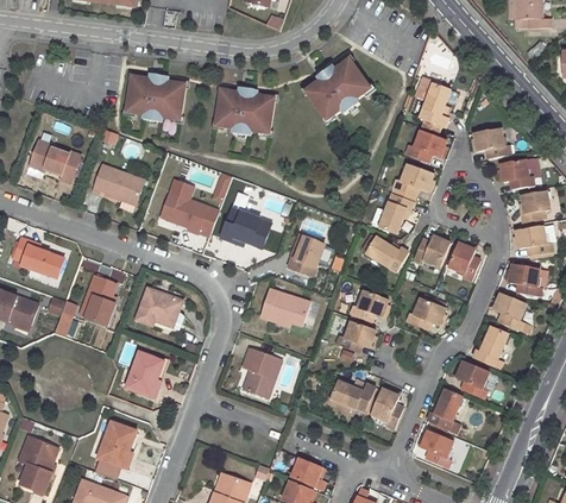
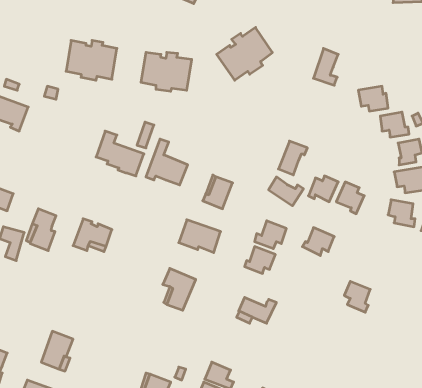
building: [405,131,446,162] -> none
building: [92,163,144,210] -> none
building: [392,164,433,196] -> none
building: [493,293,526,331] -> none
building: [479,328,514,367] -> none
building: [124,351,161,397] -> none
building: [371,389,403,429] -> none
building: [427,390,461,429] -> none
building: [420,430,453,469] -> none

